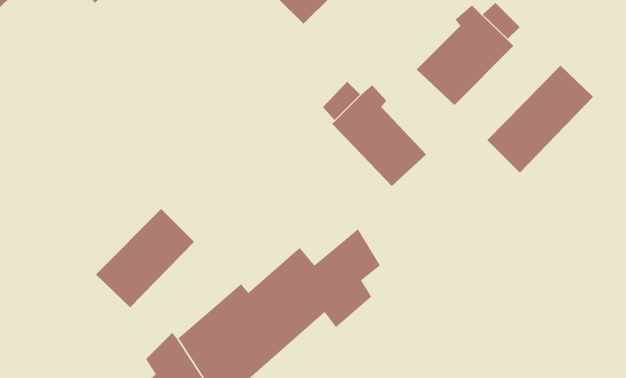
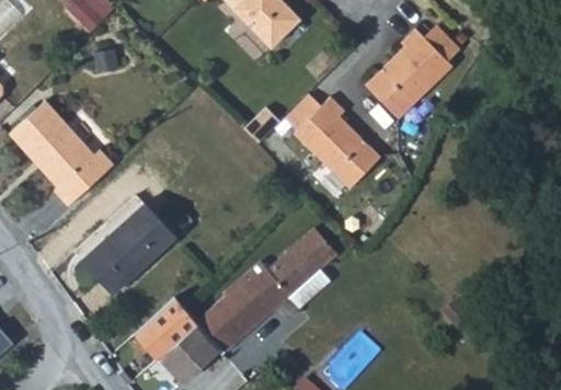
building: [487,65,594,174] -> none
building: none -> [9,101,111,204]

